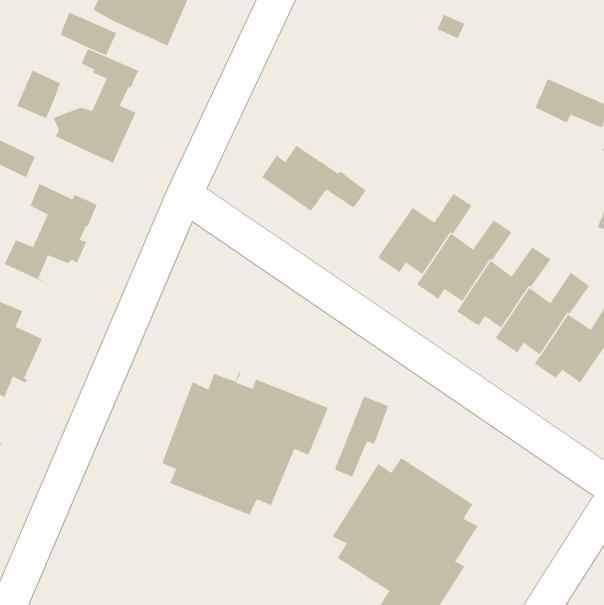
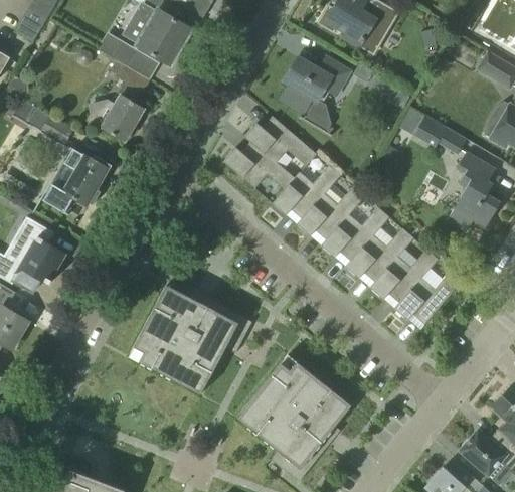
building: none -> [280,56,349,132]
building: [16,70,61,119] -> none
building: none -> [243,116,316,165]
building: none -> [272,165,340,218]
building: [334,395,389,478] -> none

